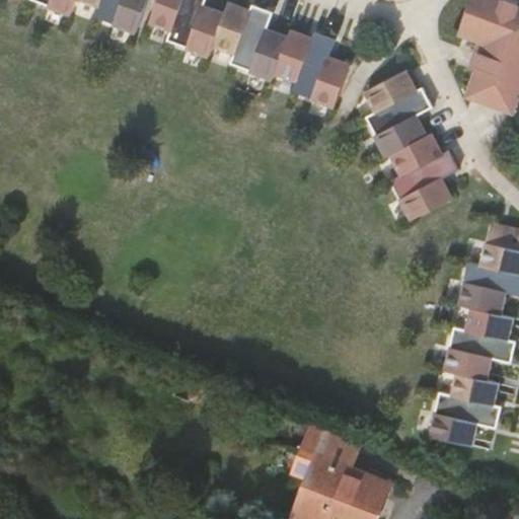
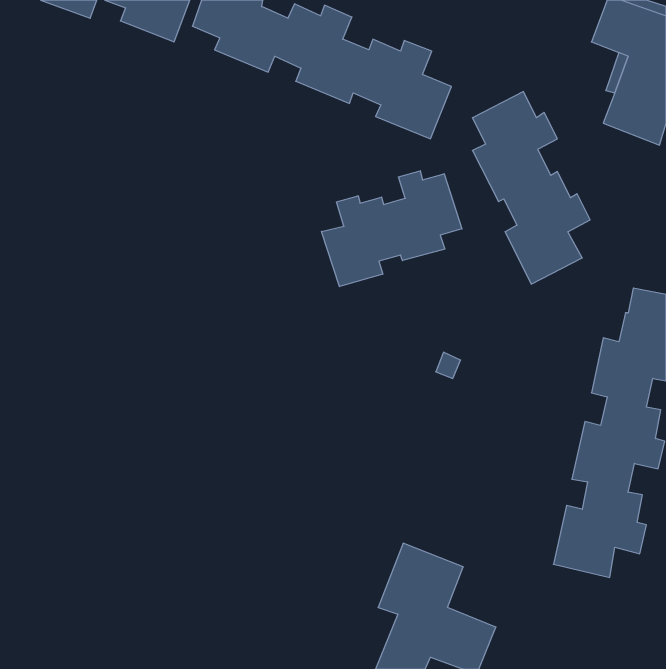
building: none -> [322,171,462,287]

